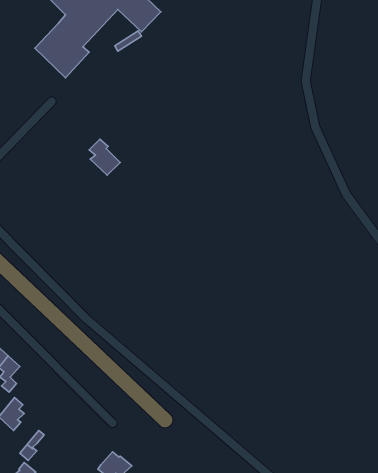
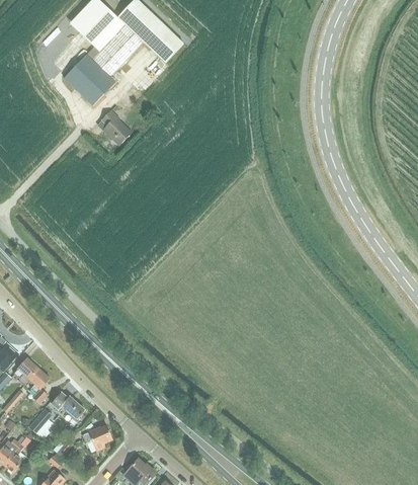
building: [89,139,120,175] -> [100,109,130,144]
building: none -> [51,392,84,419]
building: none -> [82,425,112,451]

